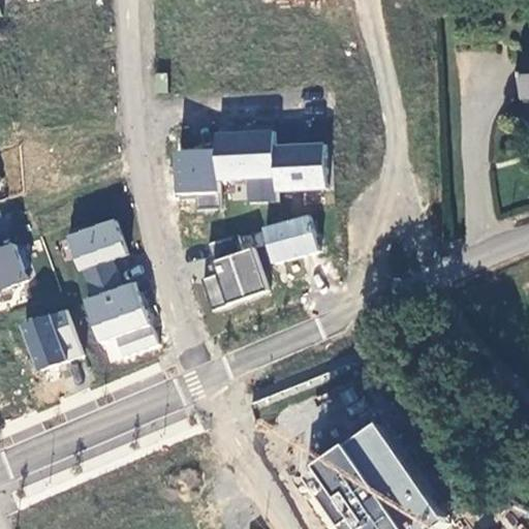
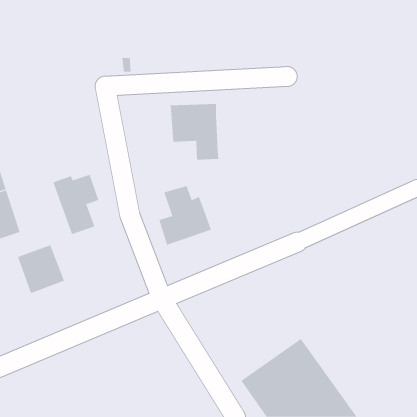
building: [273,143,325,190] -> none
building: [176,149,219,210] -> none
building: [262,214,317,263] -> none
building: [84,280,156,355] -> none

